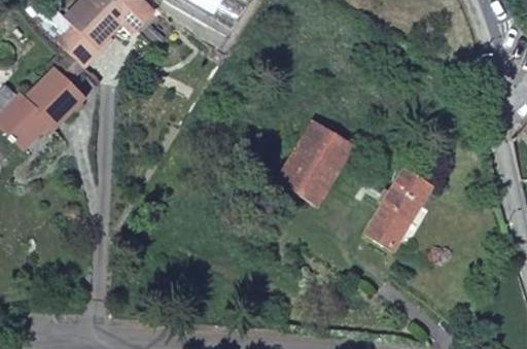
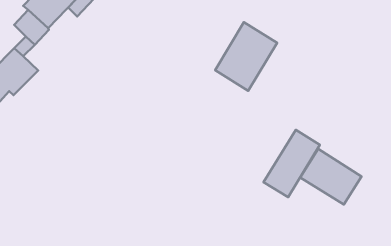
building: [277,120,354,206] -> [215,22,277,91]
building: none -> [300,149,361,205]

